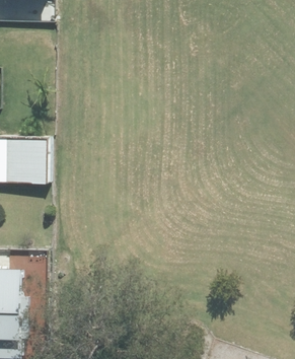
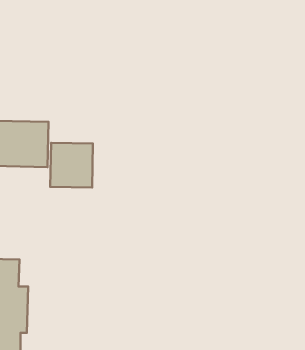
building: none -> [50,143,93,188]

